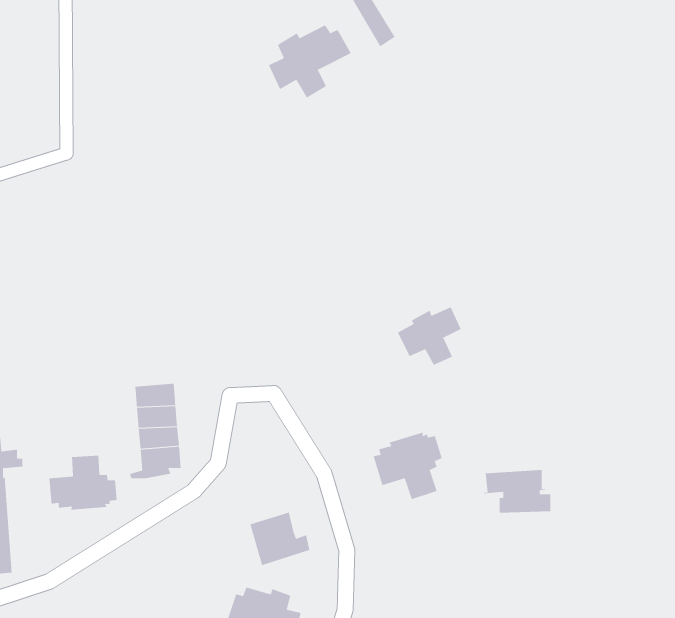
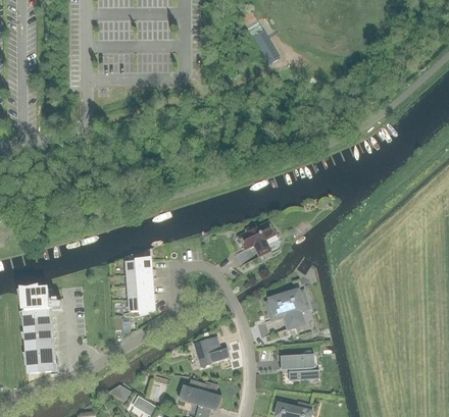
building: [268,24,351,98] -> none
building: [397,306,461,373] -> [238,221,276,260]
building: [49,455,117,511] -> none
building: [483,470,551,513] -> [280,355,319,380]

